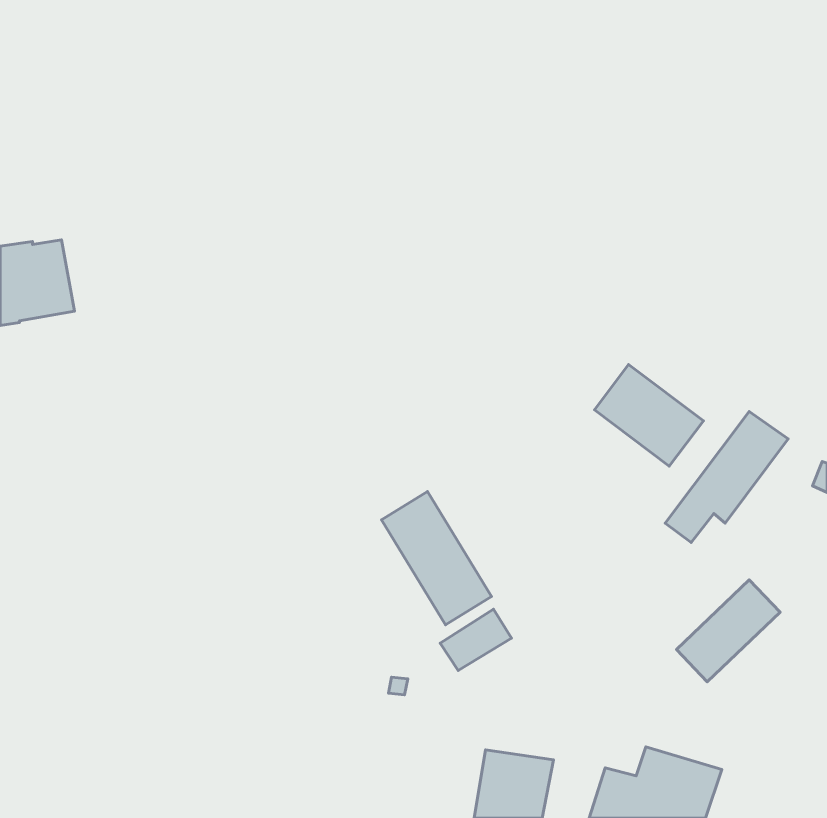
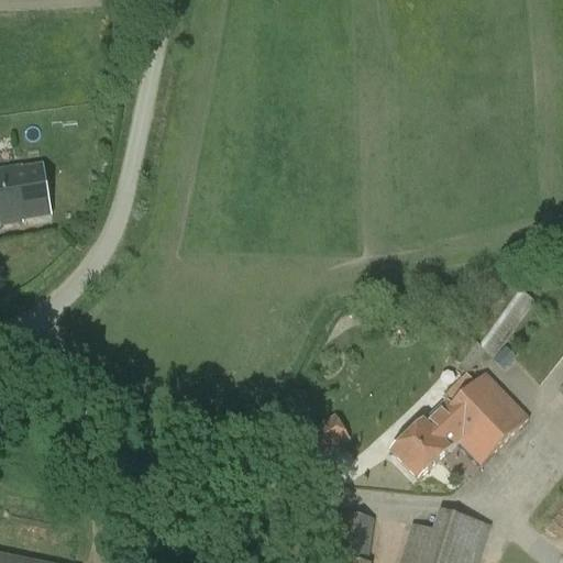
building: [595,364,703,466] -> none
building: [382,492,492,625] -> none
building: none -> [393,371,509,477]

